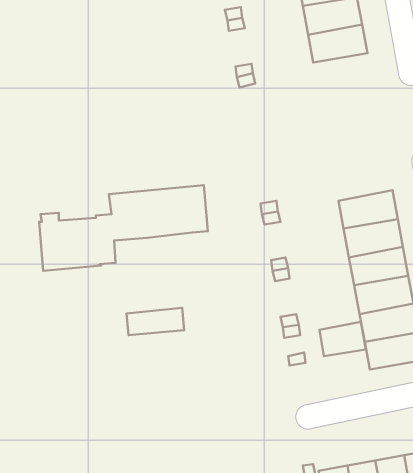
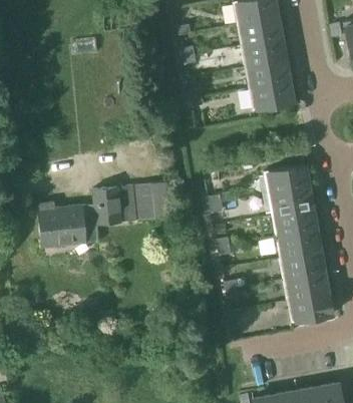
building: none -> [249,82,294,111]
building: none -> [264,165,309,194]
building: [127,308,184,335] -> none
building: [320,322,366,356] -> none

